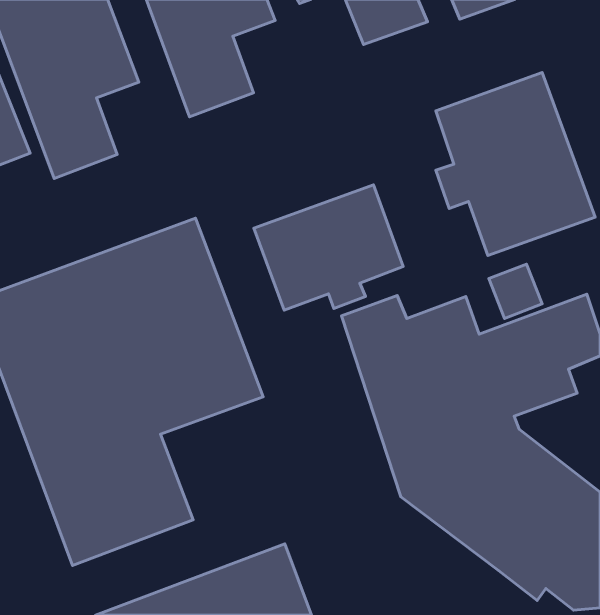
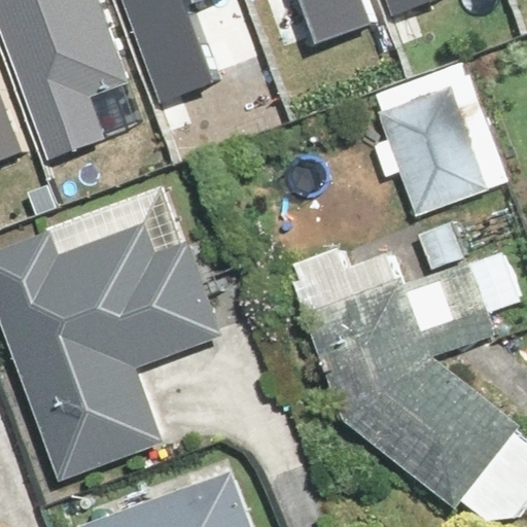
building: [254,185,403,310] -> none

